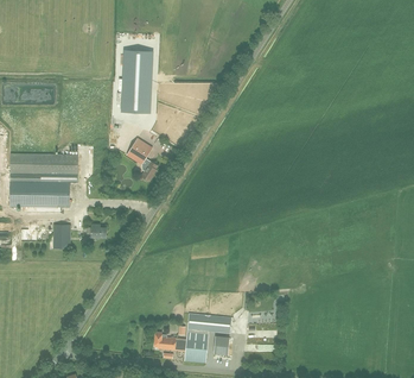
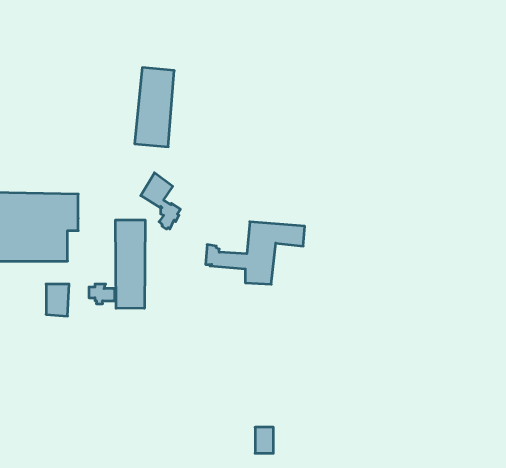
building: none -> [116,220,145,308]
building: [153,313,230,361] -> [206,222,305,284]

